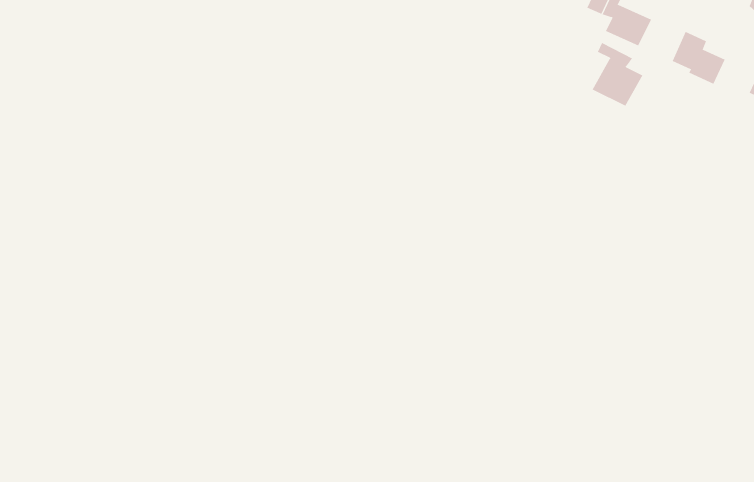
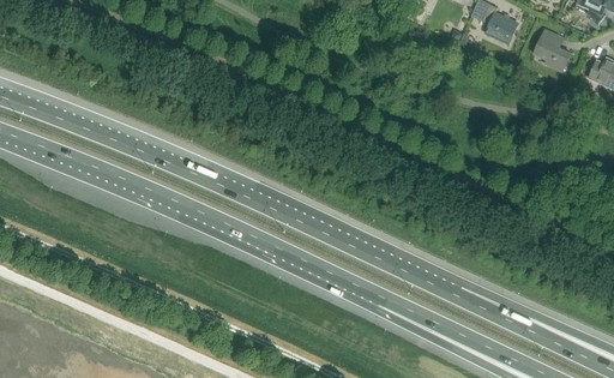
building: [592,42,643,106] -> none

